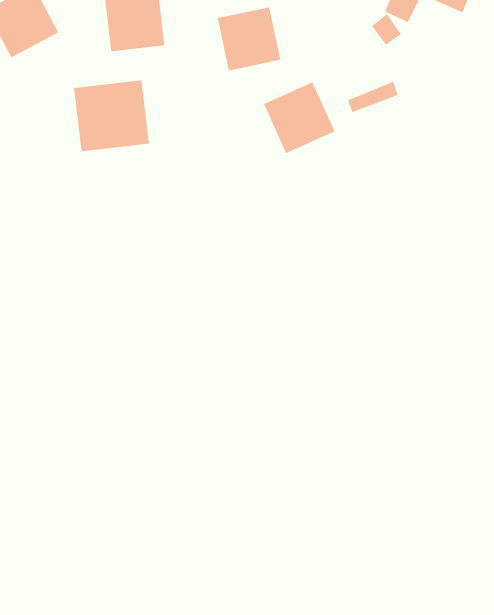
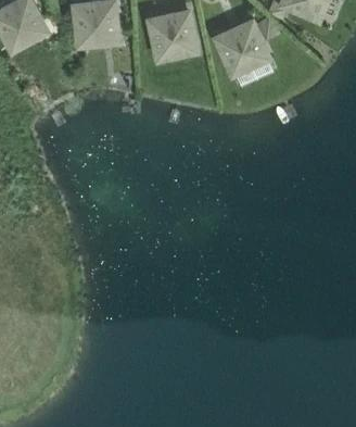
building: [74,80,149,152] -> none
building: [263,81,335,154] -> [216,21,265,70]

